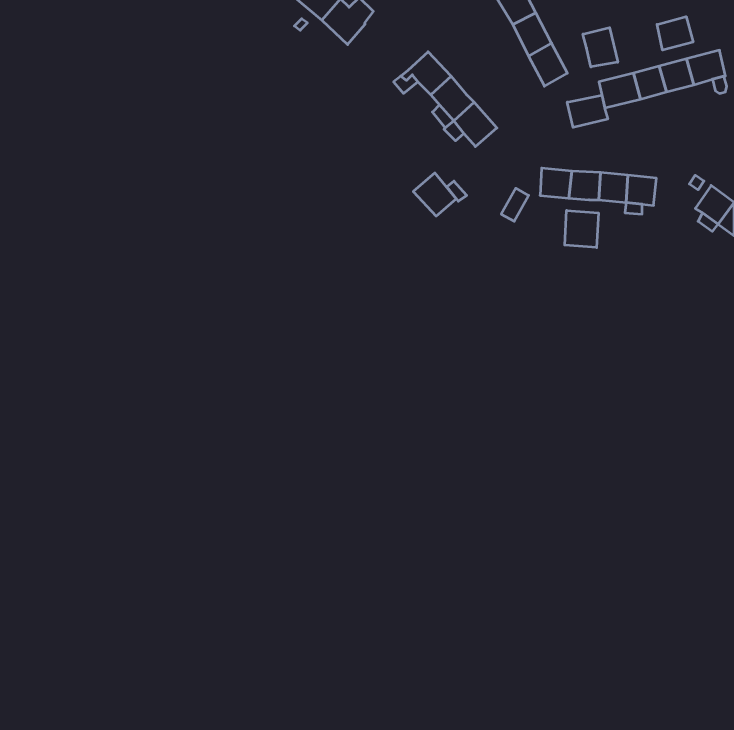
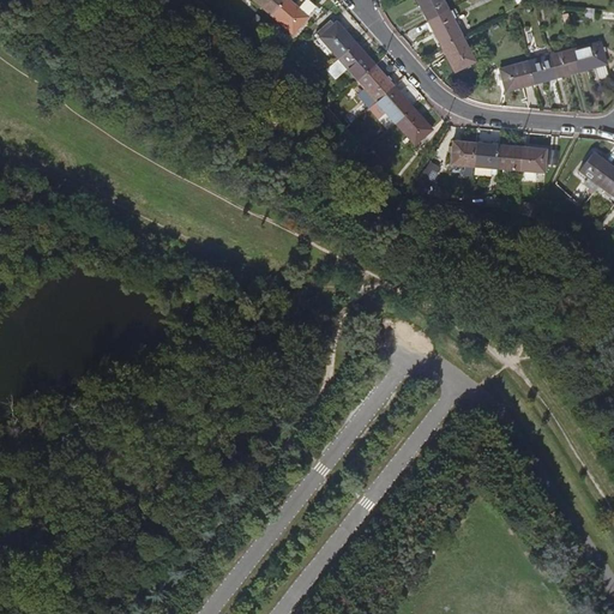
building: [657,17,693,50] -> none
building: none -> [318,19,357,59]
building: [583,28,618,67] -> none
building: [567,95,608,127] -> none
building: [413,173,456,216] -> [397,107,433,143]
building: [565,210,598,248] -> none

